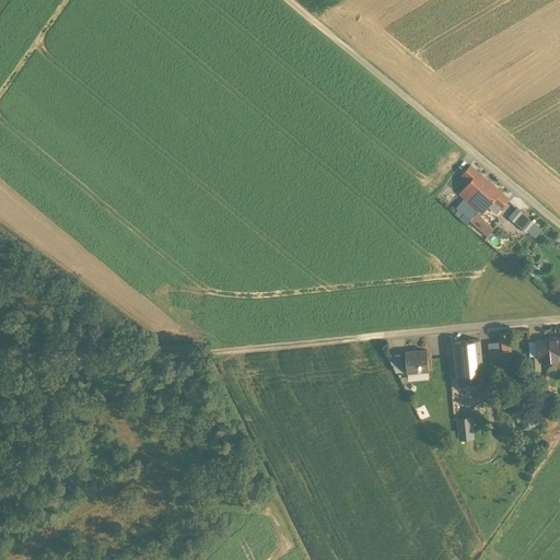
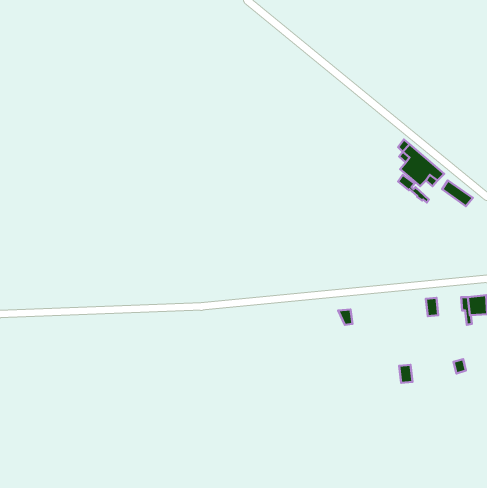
building: [454,339,482,376] -> none
building: [405,350,428,371] -> none

